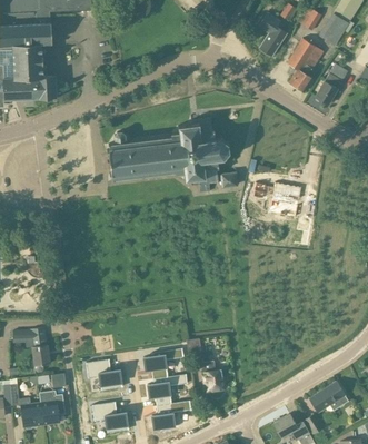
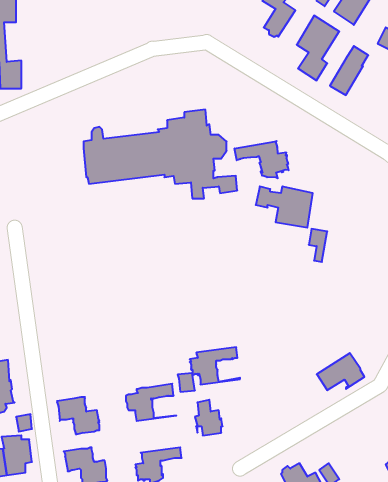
building: none -> [235,141,289,178]
building: [147,375,189,406] -> [190,347,240,384]
building: [308,382,348,413] -> [317,353,364,390]

